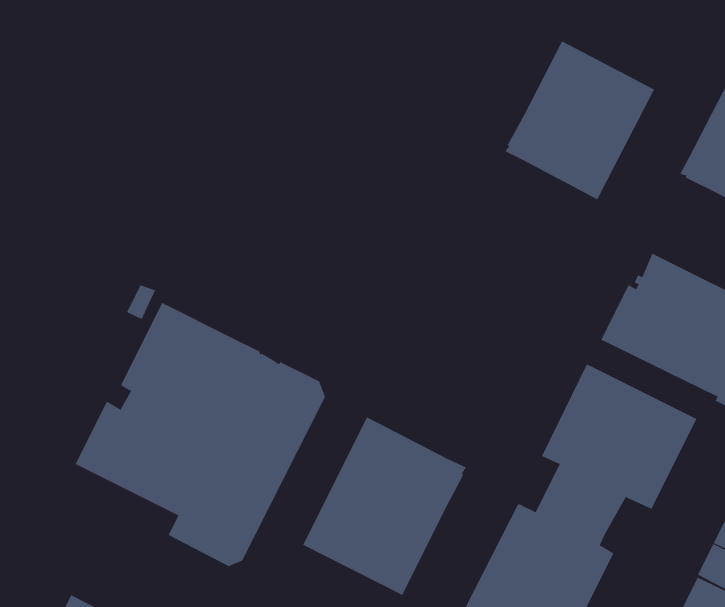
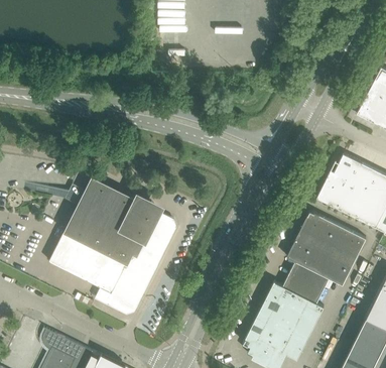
building: [505,41,655,200] -> none
building: [302,417,467,596] -> none

